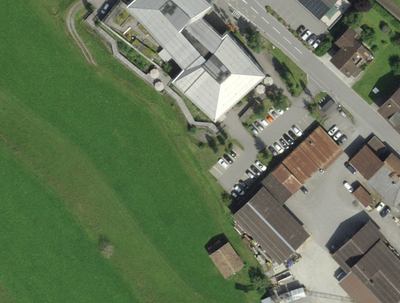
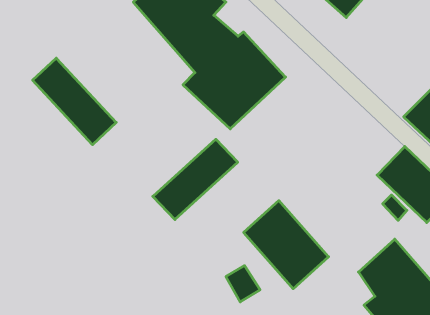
building: [328,36,365,74] -> none
building: none -> [33,58,116,145]
building: [260,130,337,203] -> [153,139,238,220]

